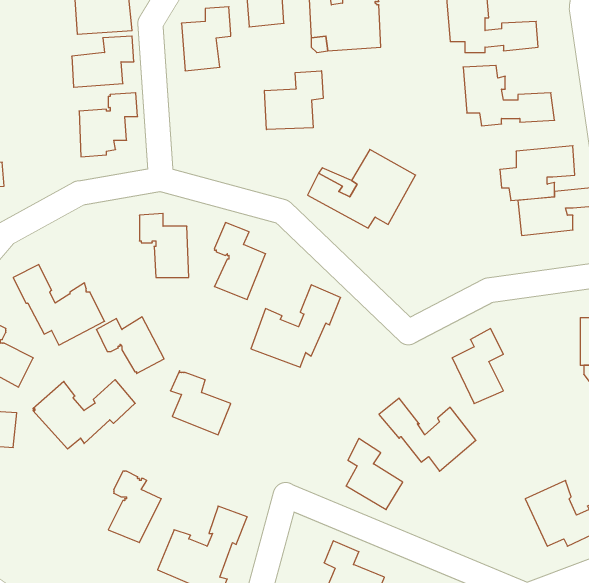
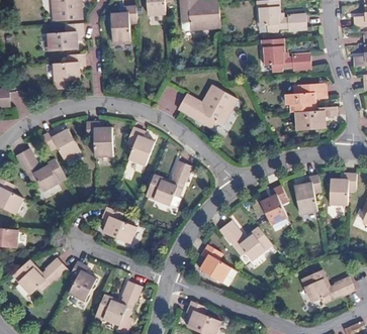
building: [265,71,323,130] -> none
building: none -> [293,174,319,212]
building: [96,317,164,374] -> [41,127,79,158]
building: [33,380,135,449] -> [13,257,70,296]

